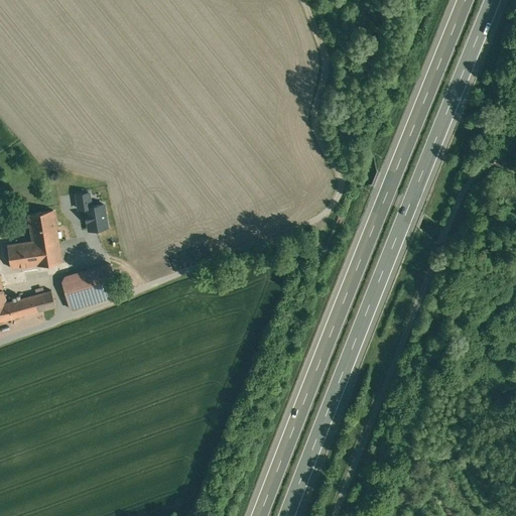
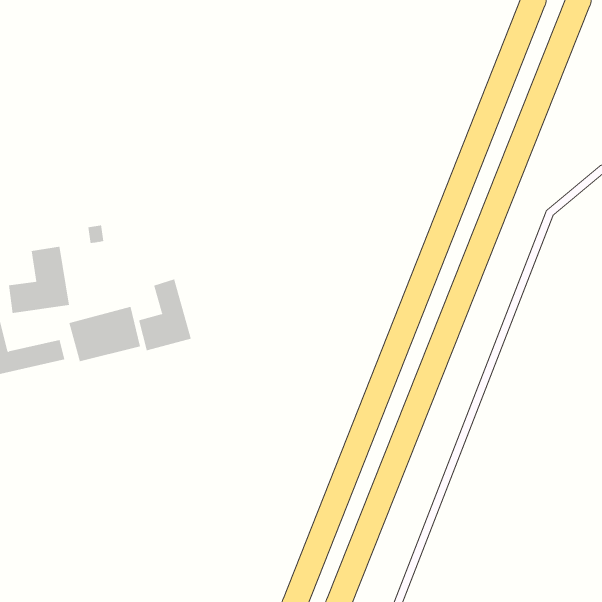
building: [84,206,105,232] -> none
building: none -> [138,278,191,351]

